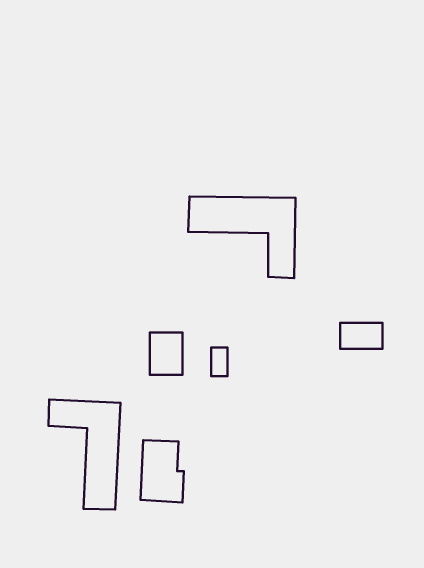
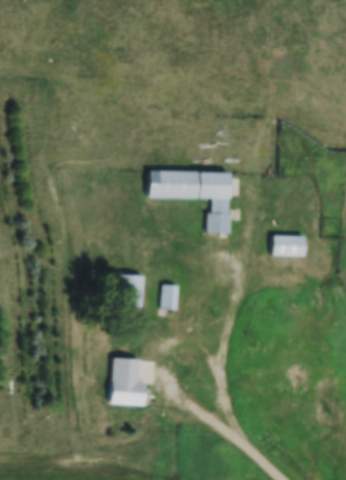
building: [340,323,382,349] -> [273,236,305,256]
building: [49,400,120,510] -> none

